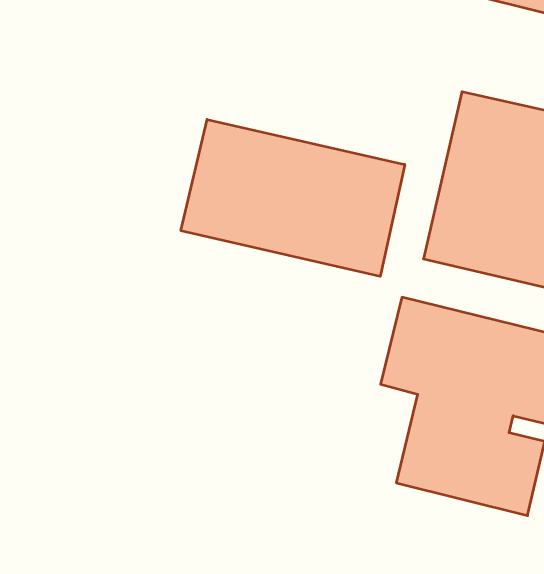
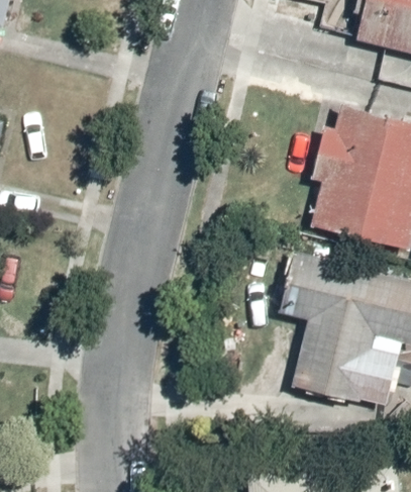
building: [181,119,405,276] -> none

